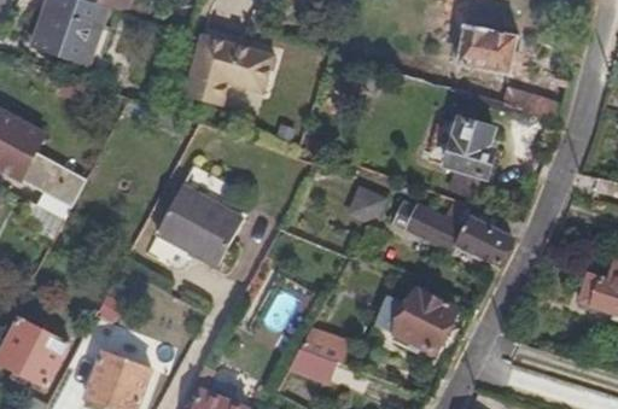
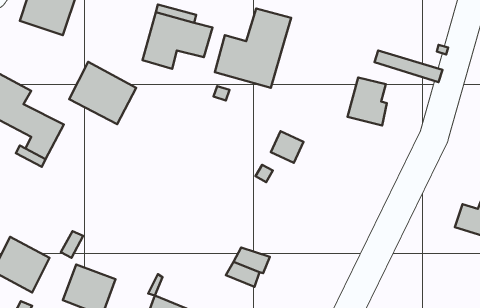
building: [455,25,518,77] -> none
building: none -> [215,8,291,88]
building: [157,185,241,263] -> [69,62,136,124]
building: [392,200,519,265] -> none
building: [374,290,455,355] -> none

